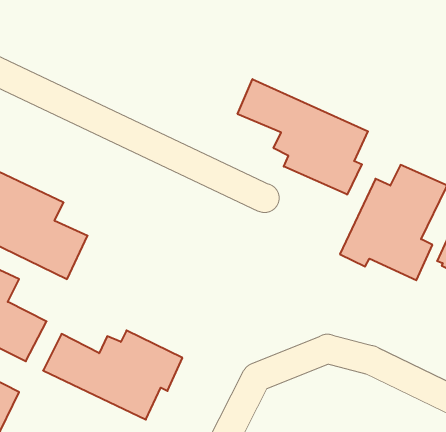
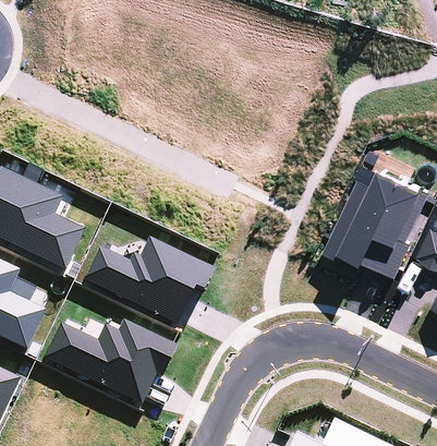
building: [238,79,368,195] -> none
building: none -> [83,238,214,325]

